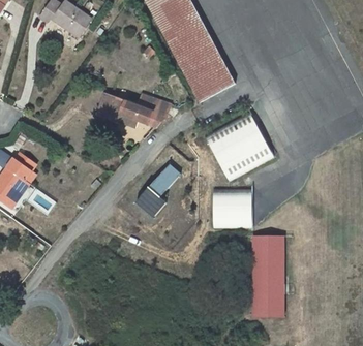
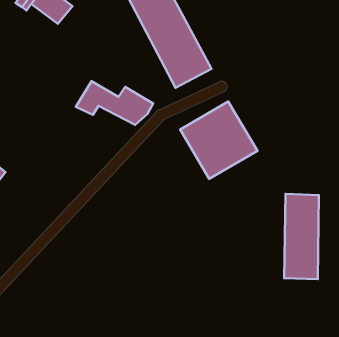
building: [134,162,181,218] -> none
building: [211,187,250,226] -> none
building: [250,235,282,314] -> [284,194,319,279]

